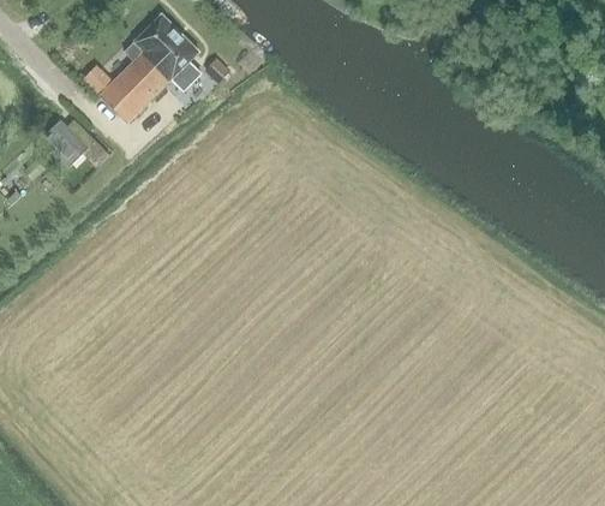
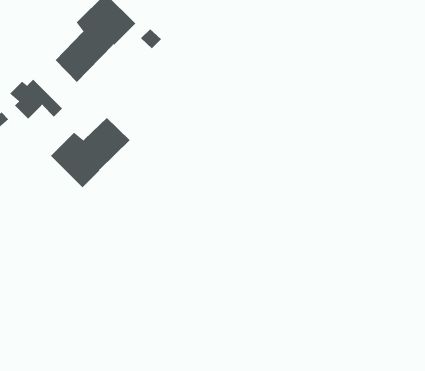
building: none -> [50,117,131,188]

